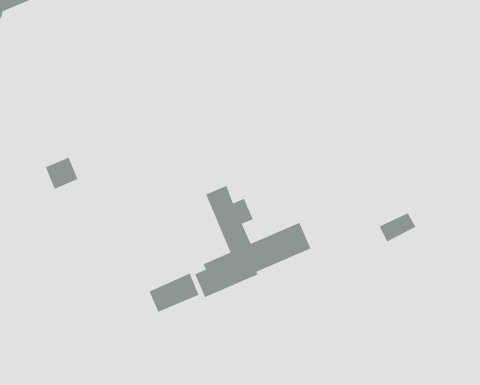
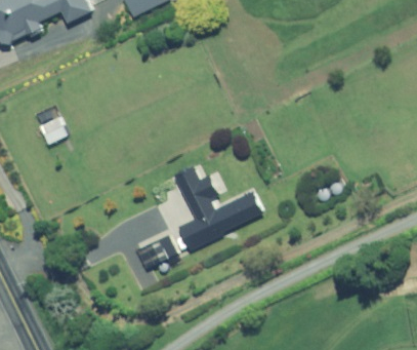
building: [45,156,78,190] -> [40,117,67,144]

